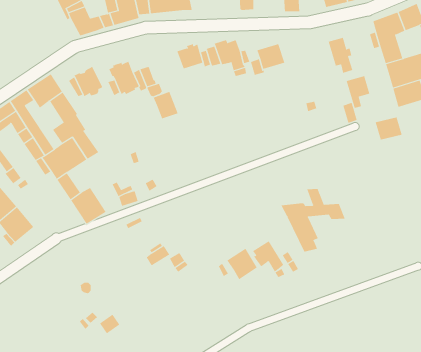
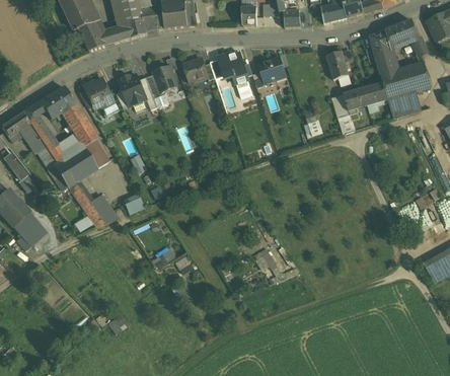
building: [153,91,178,119] -> [153,65,177,91]
building: [375,117,403,140] -> [362,82,388,104]
building: [281,188,345,252] -> none
building: [226,248,257,280] -> none

